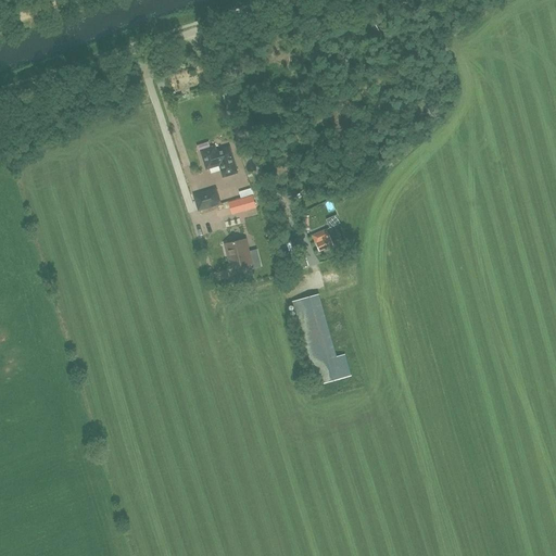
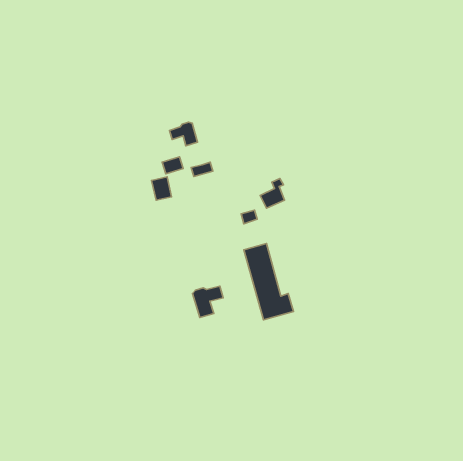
building: [228,238,252,266] -> [152,177,172,200]
building: none -> [193,286,223,318]

